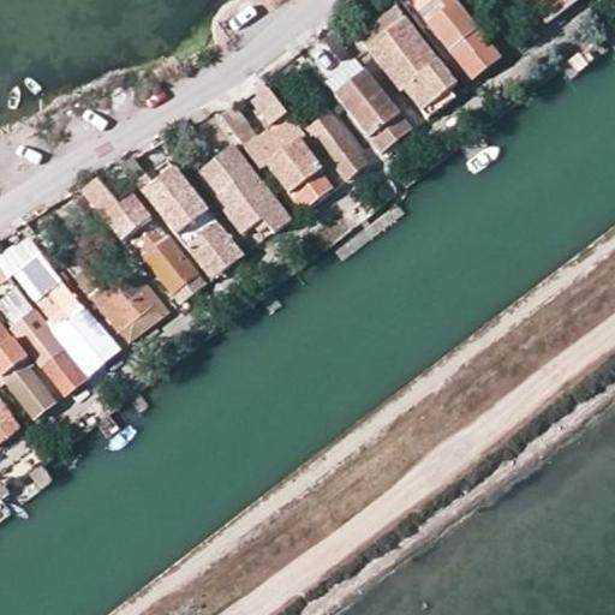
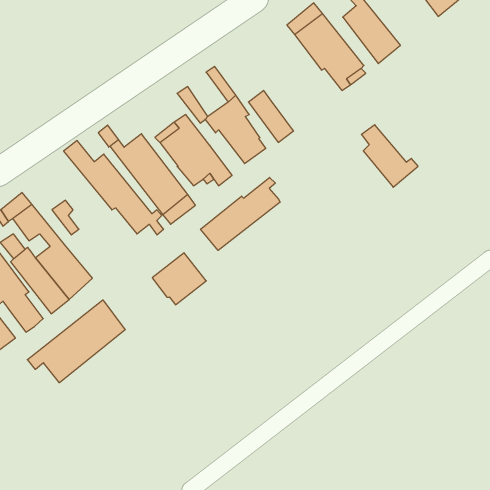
building: [340,74,411,153] -> [361,125,418,187]
building: none -> [201,177,280,250]
building: [100,275,167,340] -> [152,253,206,305]
building: none -> [27,300,125,383]

